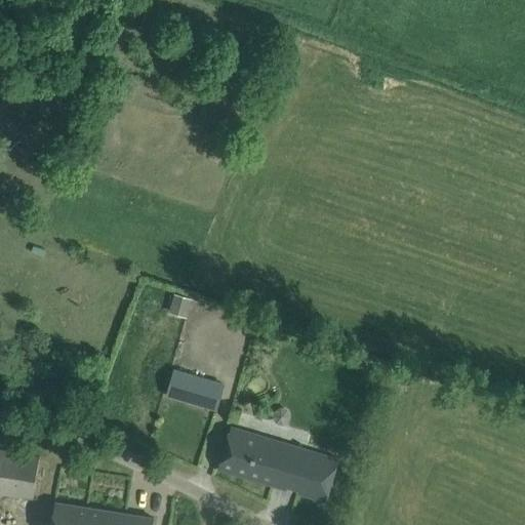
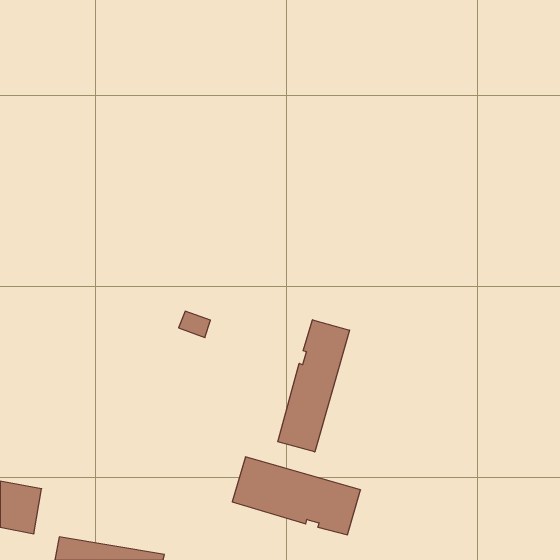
building: none -> [278,320,350,452]
building: [166,371,223,410] -> none

